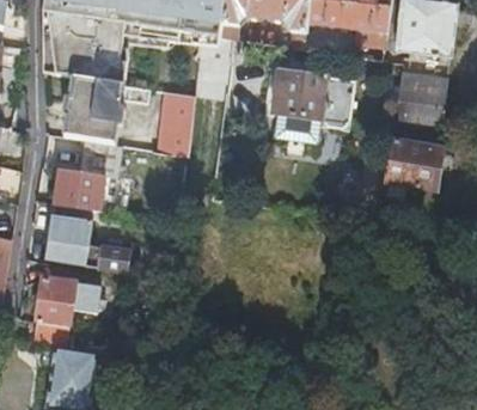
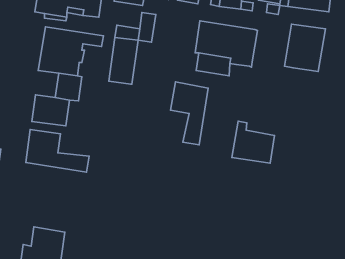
building: [383,127,440,183] -> [232,121,275,163]
building: none -> [170,82,208,145]
building: [36,274,77,323] -> none

